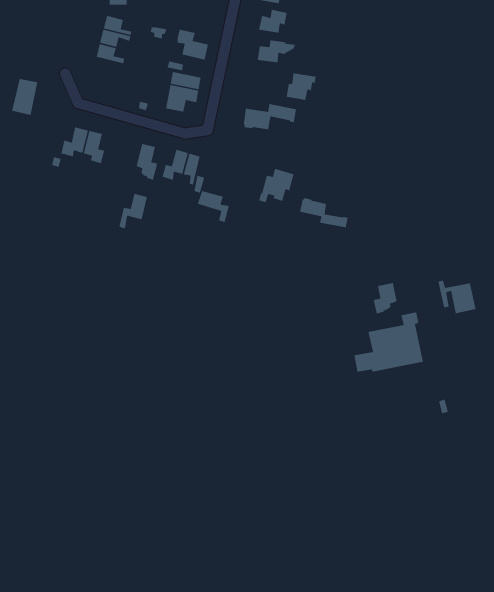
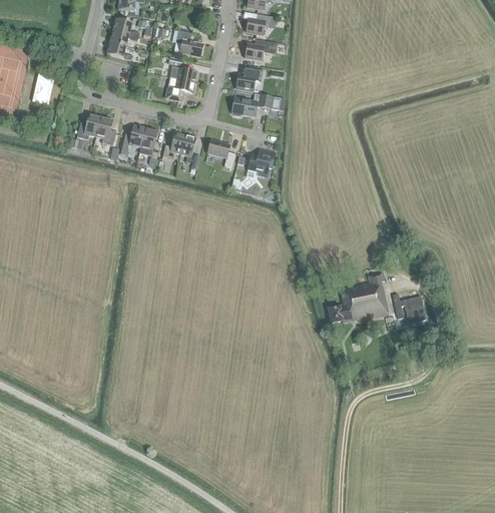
building: [286,73,316,101] -> [236,66,263,90]
building: [197,190,230,223] -> [207,140,235,168]
building: [118,193,148,229] -> [121,124,146,155]
building: [299,197,348,228] -> none
building: [438,280,476,314] -> [387,288,420,317]
building: [373,282,398,314] -> none

